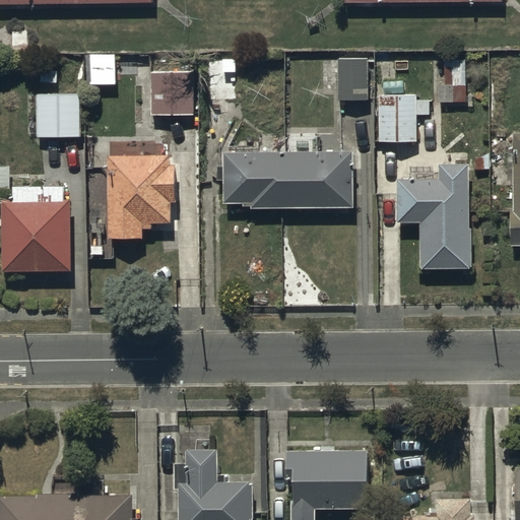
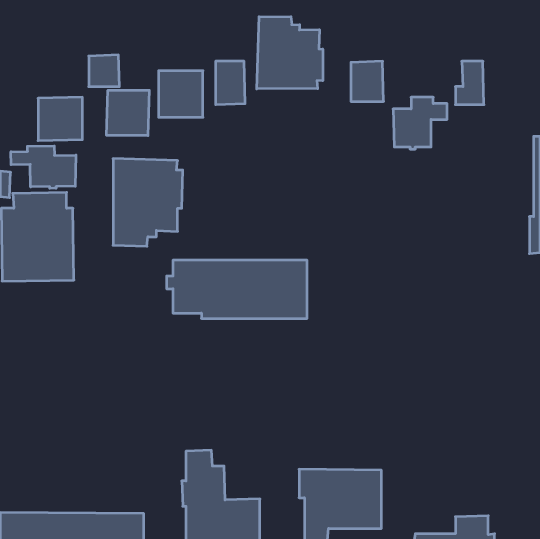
building: none -> [257,17,323,89]
building: none -> [107,90,149,136]
building: none -> [11,146,76,188]
building: [217,152,352,208] -> [167,260,307,318]
building: [397,166,470,268] -> none

